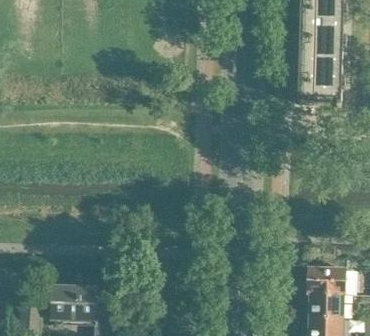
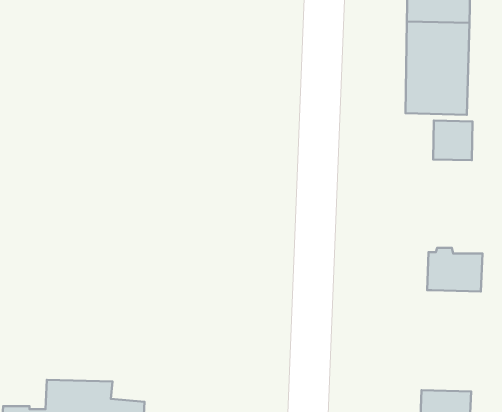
building: none -> [433,121,472,160]
building: [306,265,344,295] -> [427,248,482,291]

